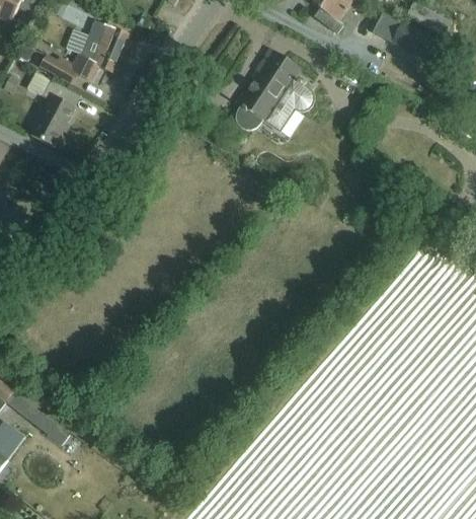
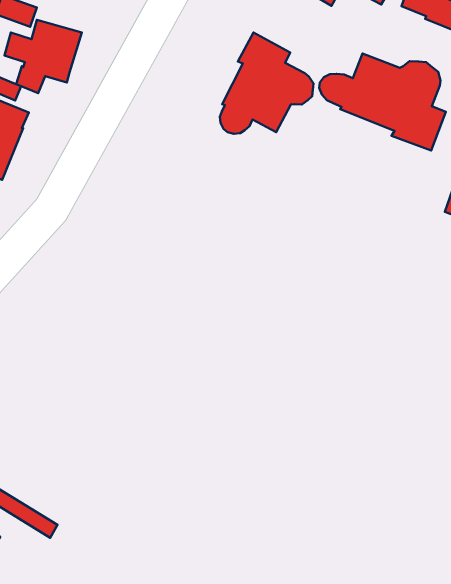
building: none -> [319,54,446,151]

